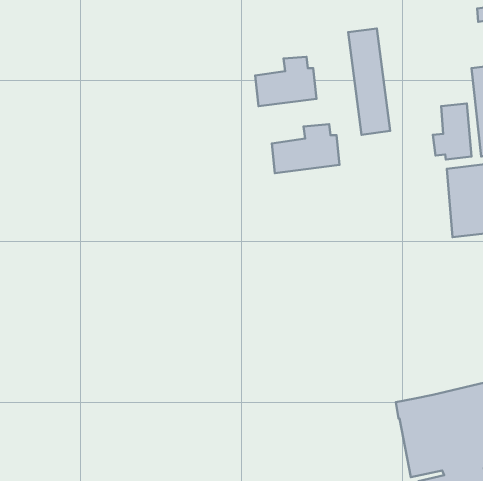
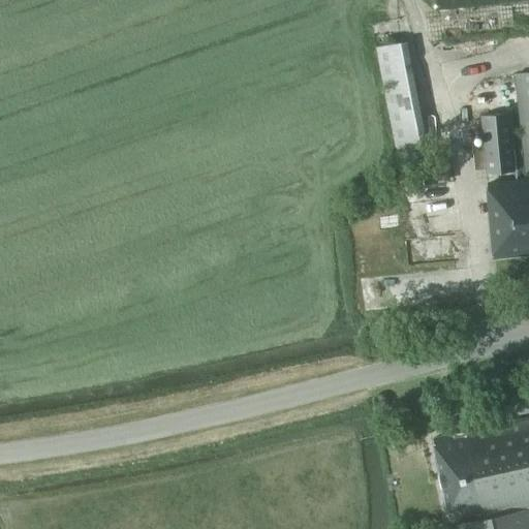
building: [255,57,317,106] -> none
building: [272,124,340,173] -> none

